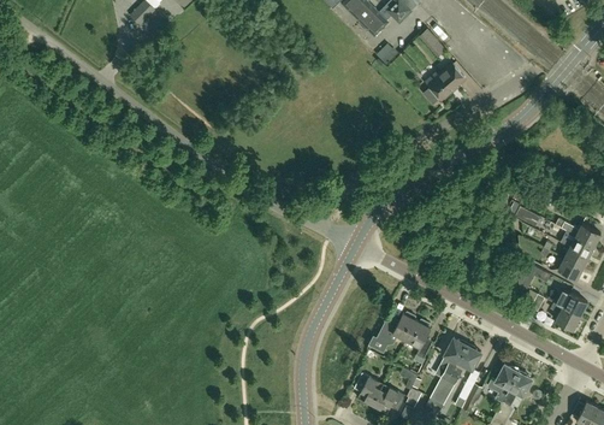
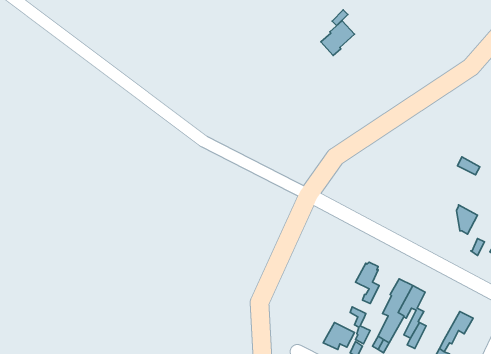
building: [430,63,466,100] -> [321,21,354,55]
building: [377,312,418,344] -> none
building: [487,364,519,402] -> none
building: [354,373,384,406] -> none

